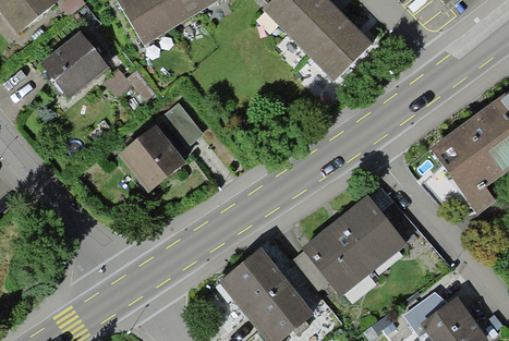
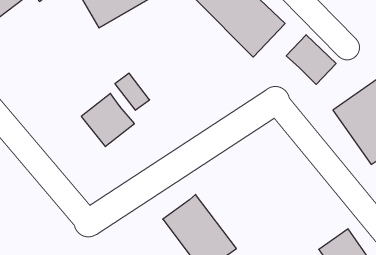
building: [38,33,107,99] -> none
building: none -> [286,35,336,84]
building: [302,196,405,296] -> none

